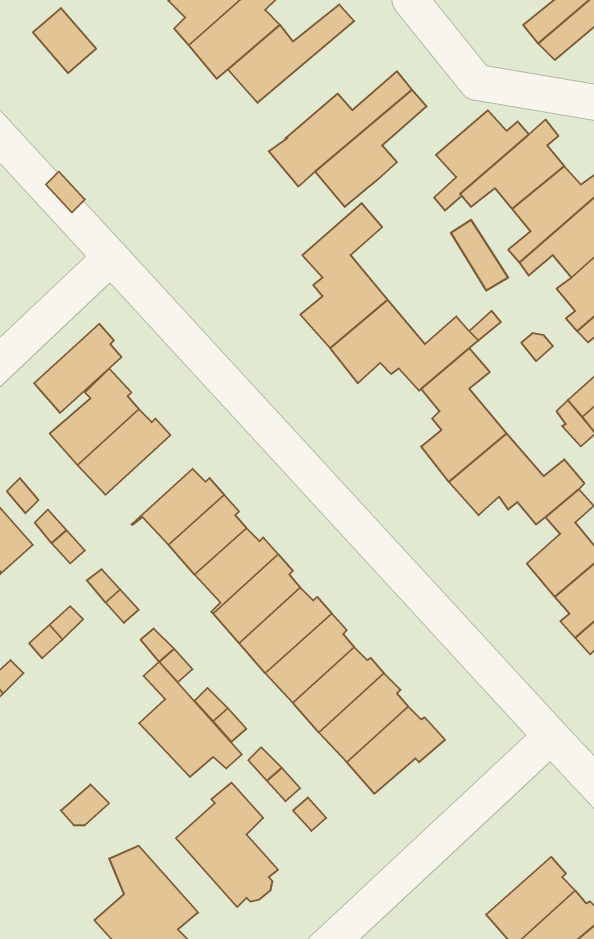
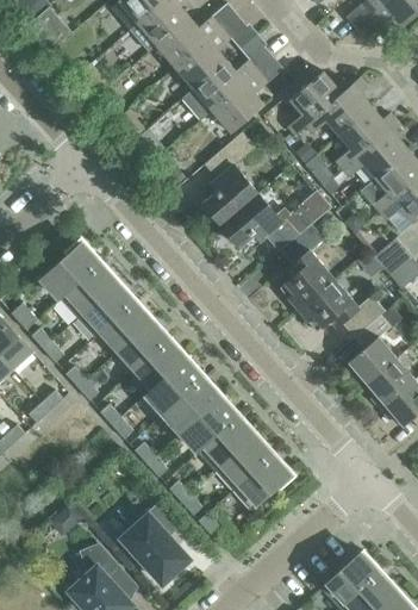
building: none -> [175,14,247,89]
building: [34,324,121,413] -> [77,280,133,337]
building: [139,662,242,777] -> none

